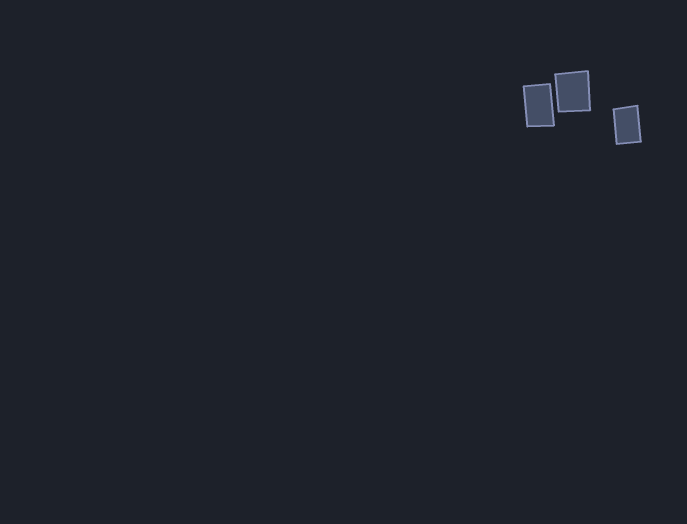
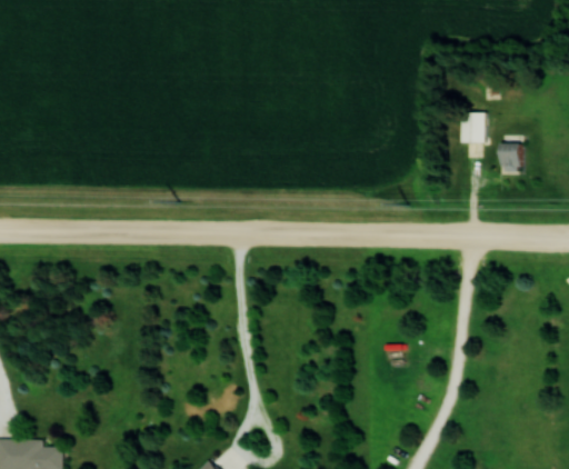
building: [524,84,554,127] -> none

